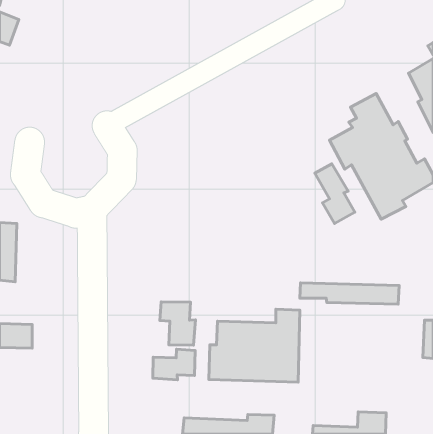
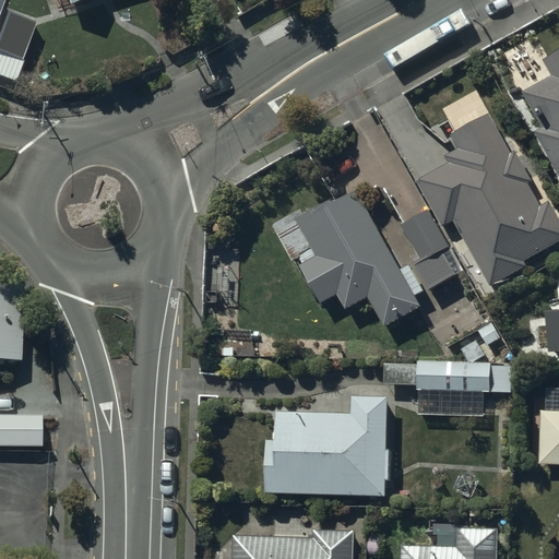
building: none -> [273,197,415,318]
building: [160,302,195,345] -> none
building: [153,349,195,380] -> none

